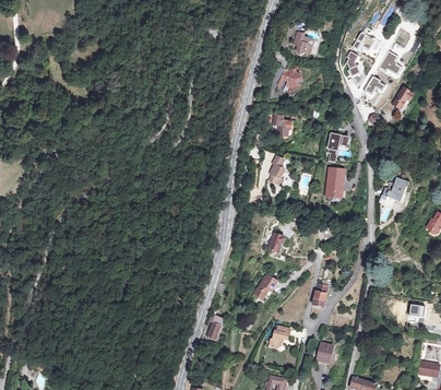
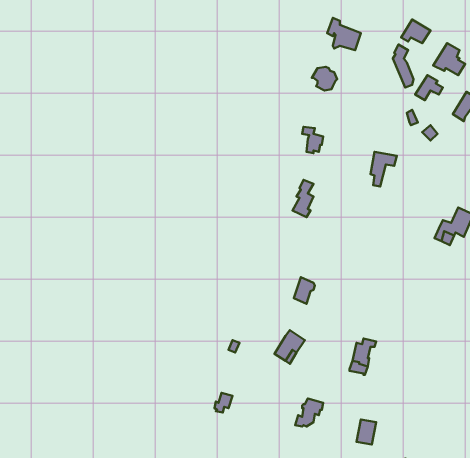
building: [324,165,345,198] -> none

